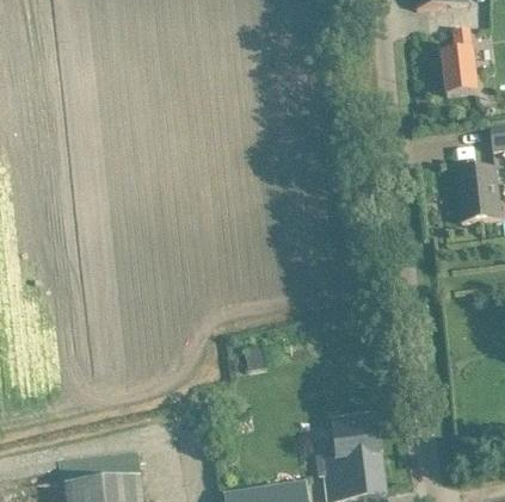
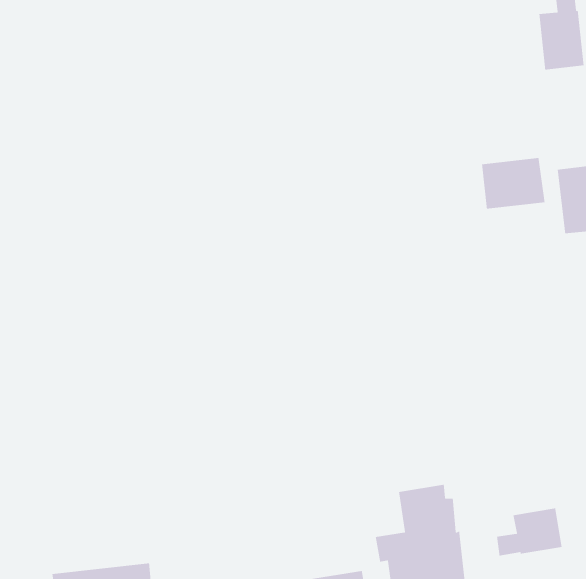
building: none -> [481,157,545,210]
building: none -> [496,507,562,557]

